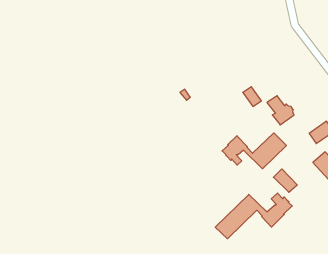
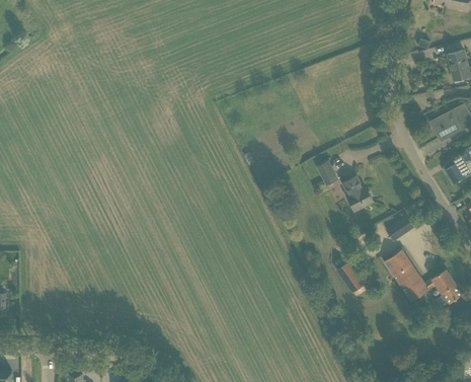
building: [222,133,286,169] -> none
building: [215,193,292,239] -> none

